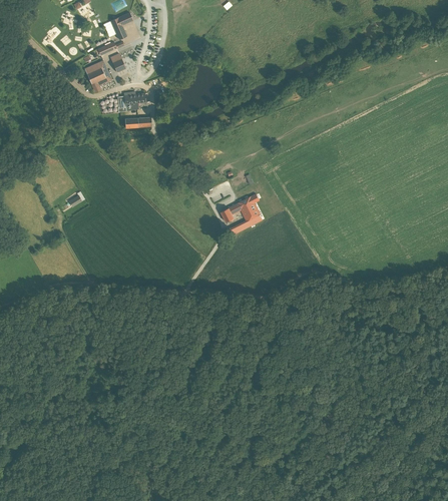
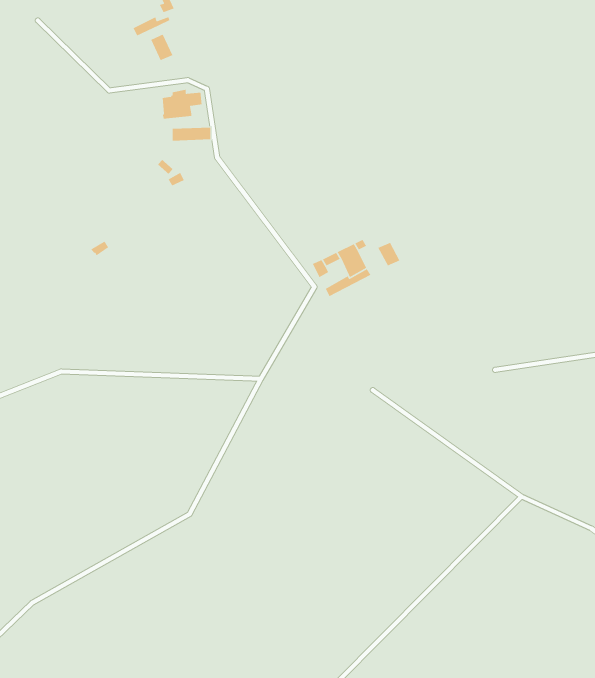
building: [85,61,110,94] -> none

